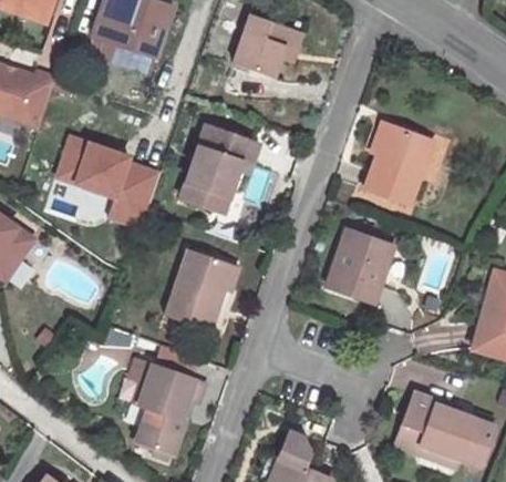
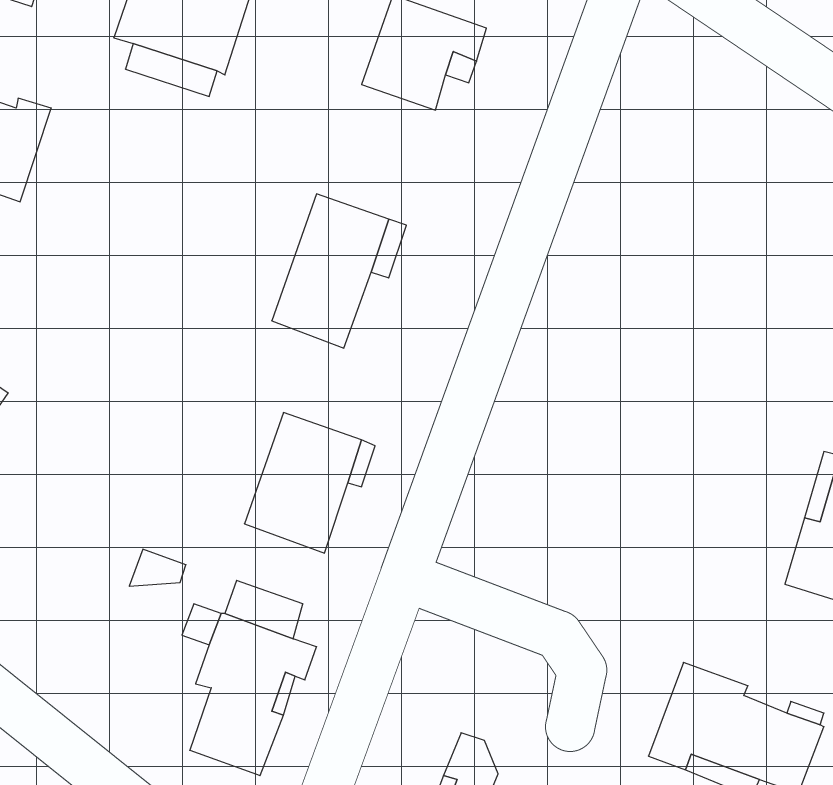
building: [363,124,431,206] -> none
building: [55,135,159,224] -> none
building: [326,228,393,302] -> none

